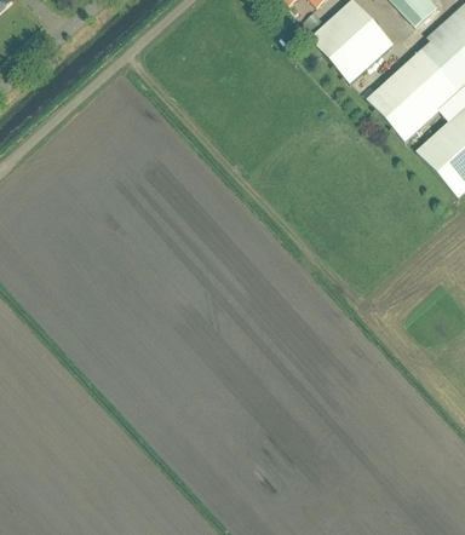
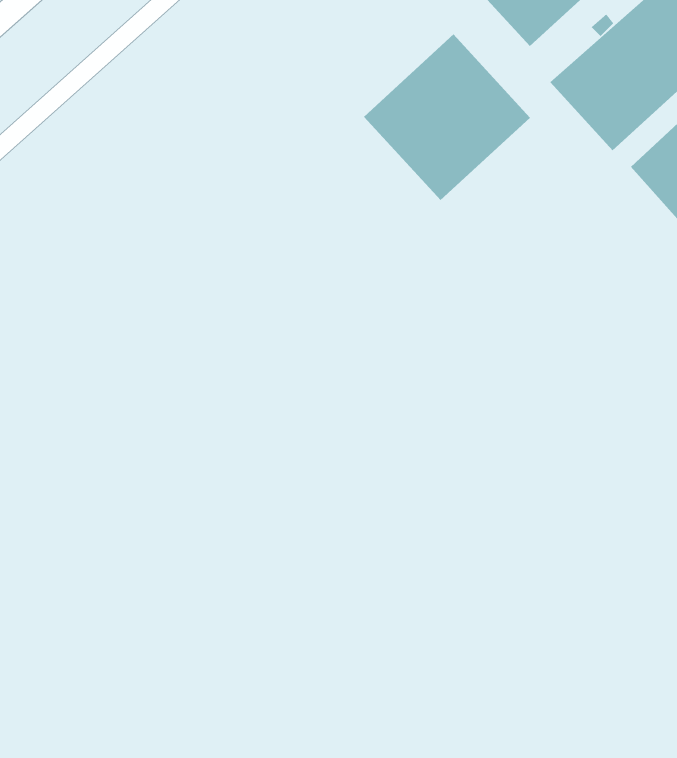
building: none -> [363,34,531,201]

